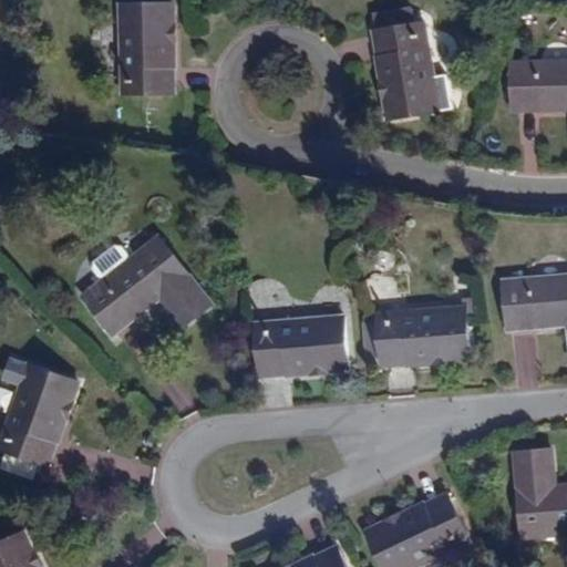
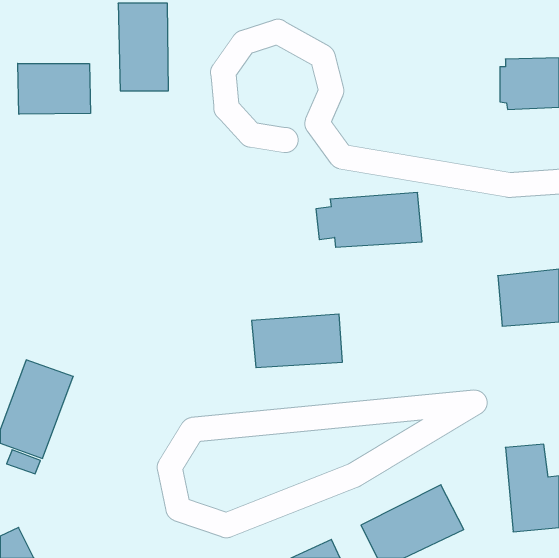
building: [375,22,439,117] -> none
building: none -> [18,63,90,114]
building: [80,235,208,334] -> none
building: [362,308,470,363] -> [316,193,422,247]

